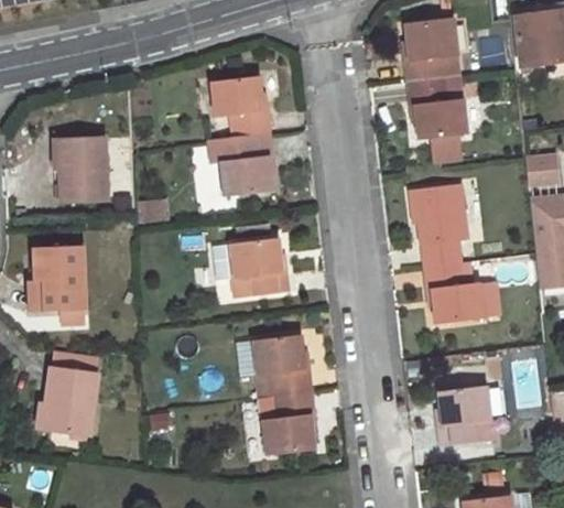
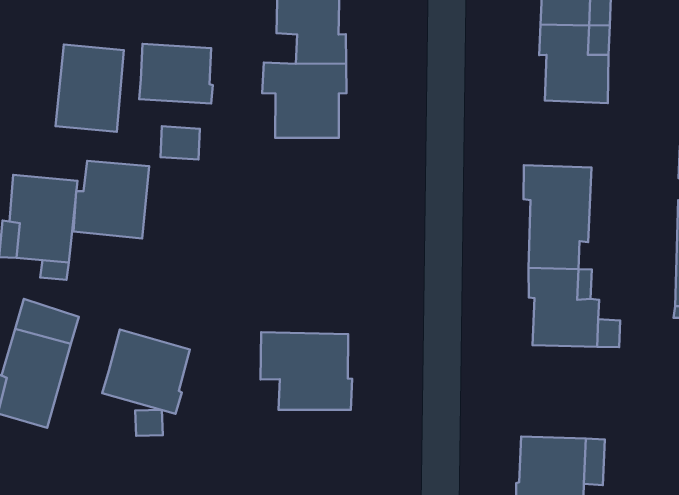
building: none -> [139,44,213,104]
building: none -> [73,161,149,238]
building: [210,238,286,299] -> none
building: none -> [102,330,190,414]
building: [254,390,314,455] -> none

